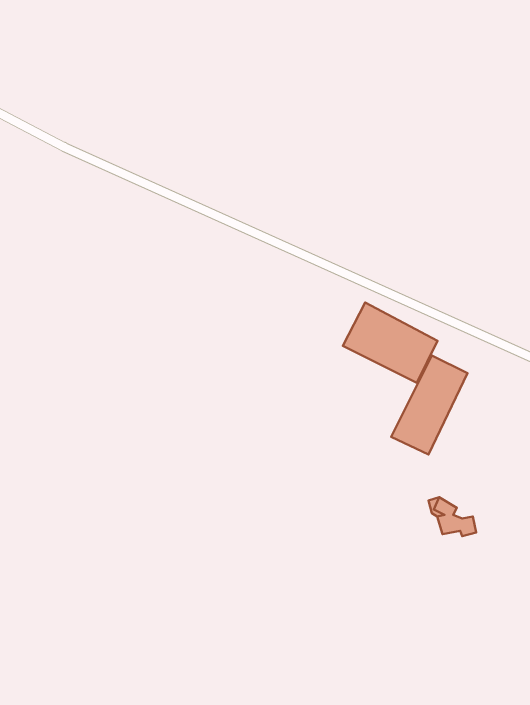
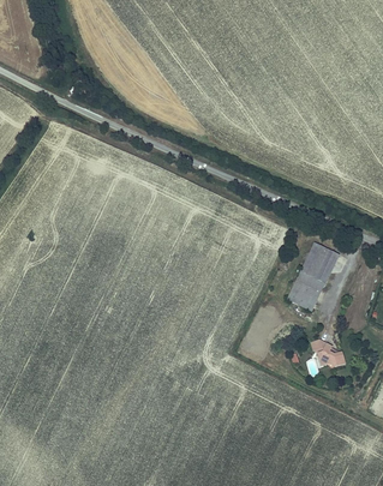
building: [343,303,438,383] -> none

